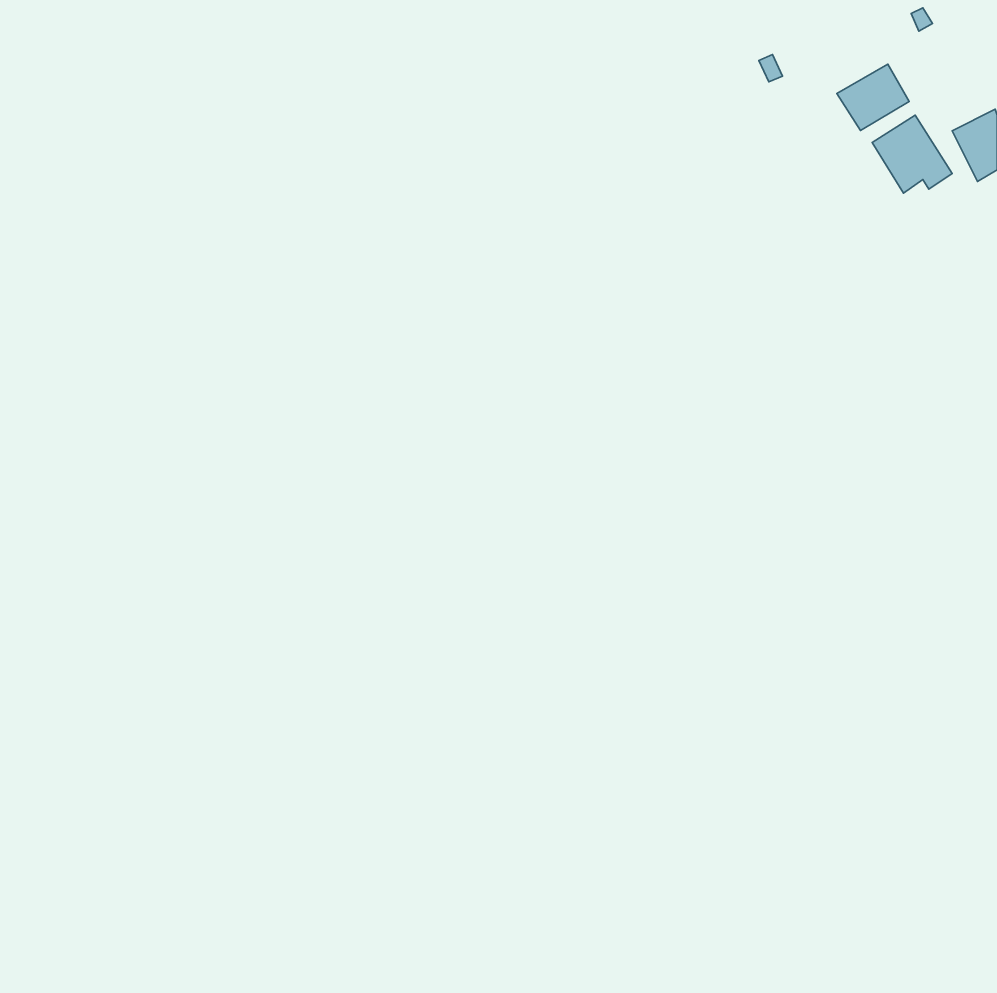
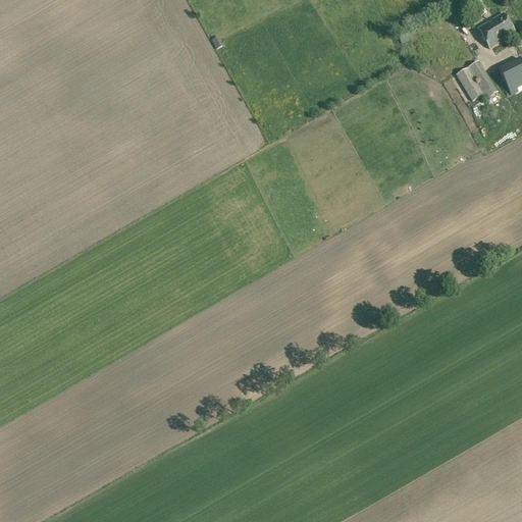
building: [837,64,909,131] -> [477,12,515,47]

